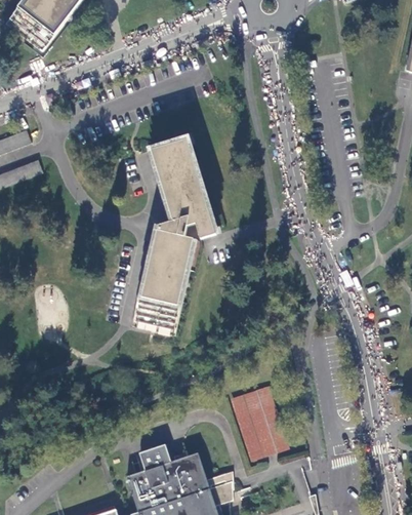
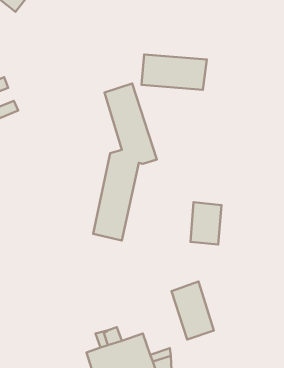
building: none -> [141,55,207,90]
building: none -> [191,202,221,244]

